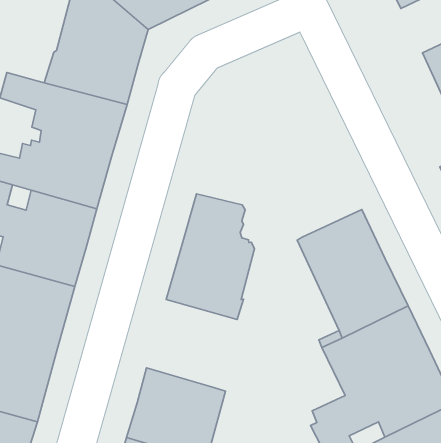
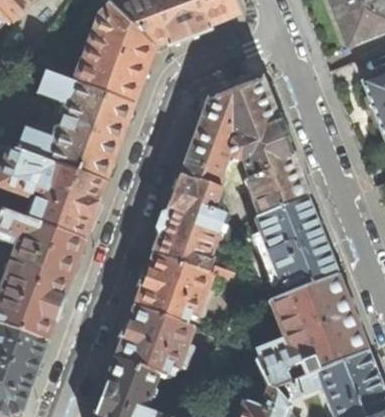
building: none -> [183,80,308,214]
building: none -> [135,254,213,324]

